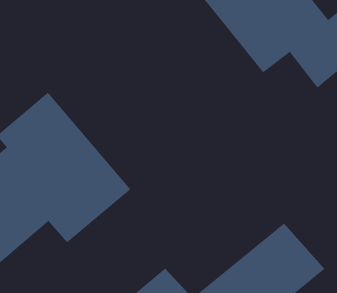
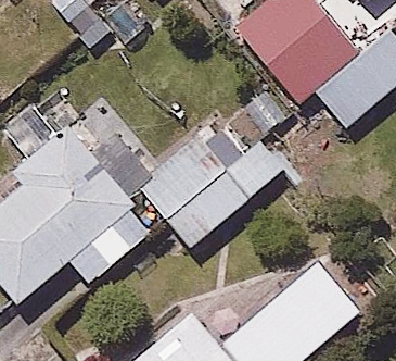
building: none -> [139,140,280,252]

